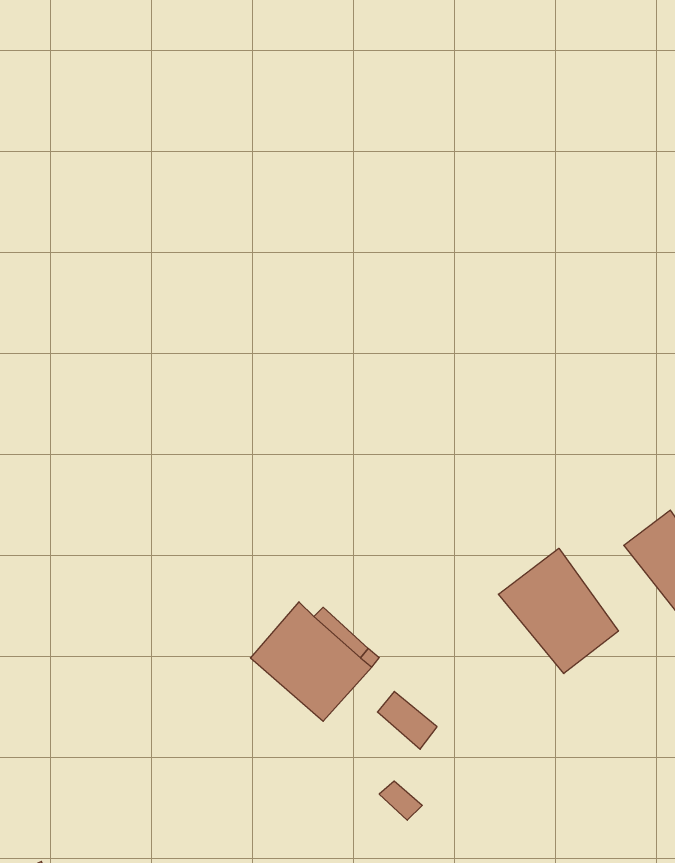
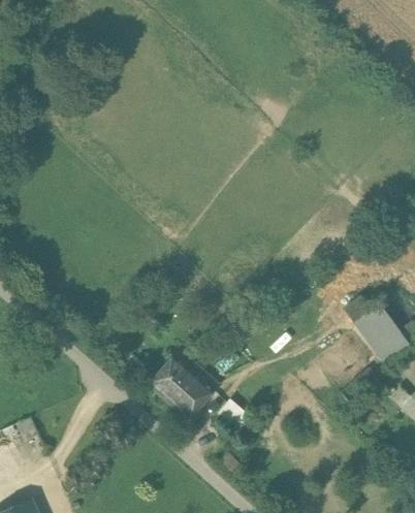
building: [498,548,618,674] -> none

